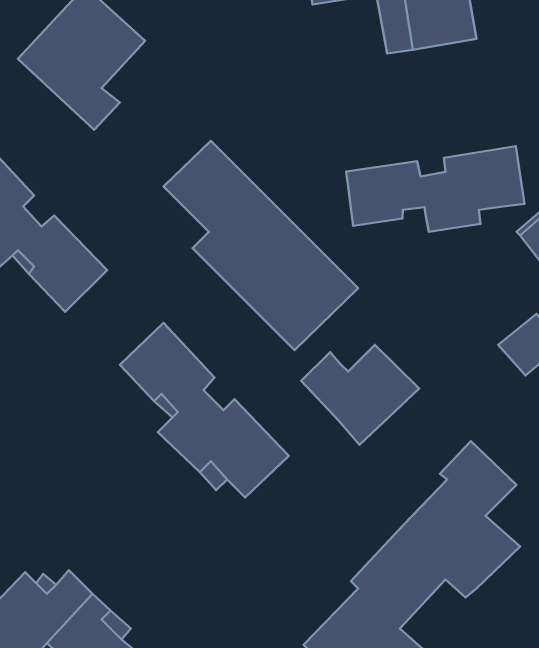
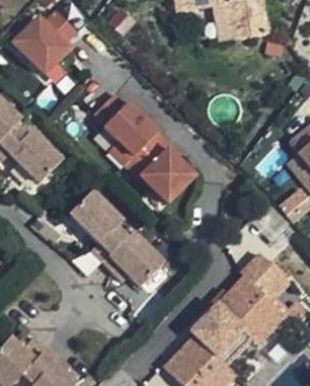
building: [346,146,525,232] -> none
building: [301,345,419,445] -> none

